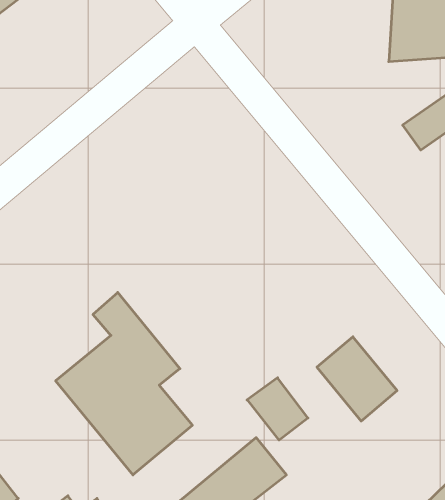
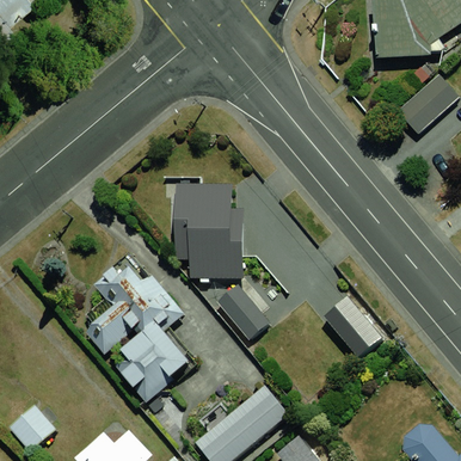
building: none -> [174,176,241,284]
building: [247,378,308,440] -> [214,290,266,344]

